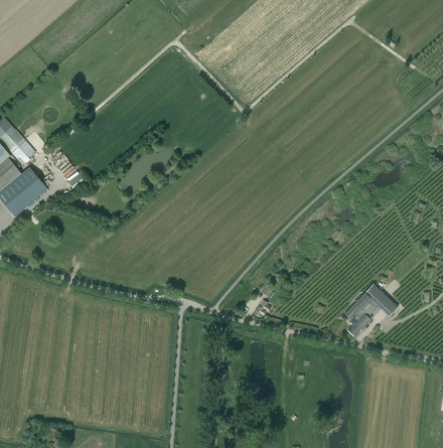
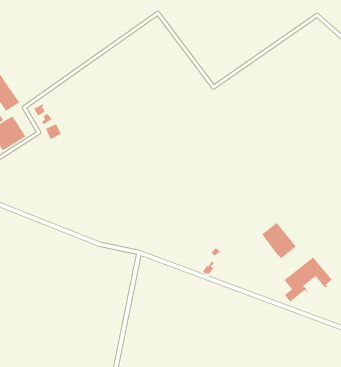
building: none -> [261,222,297,259]

